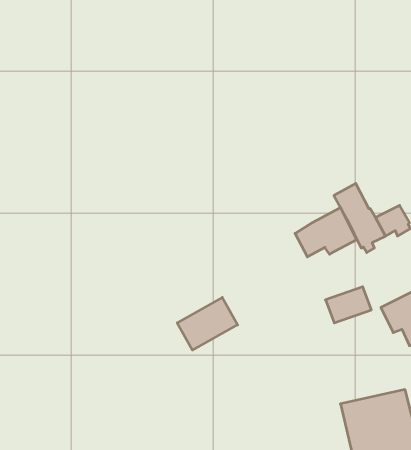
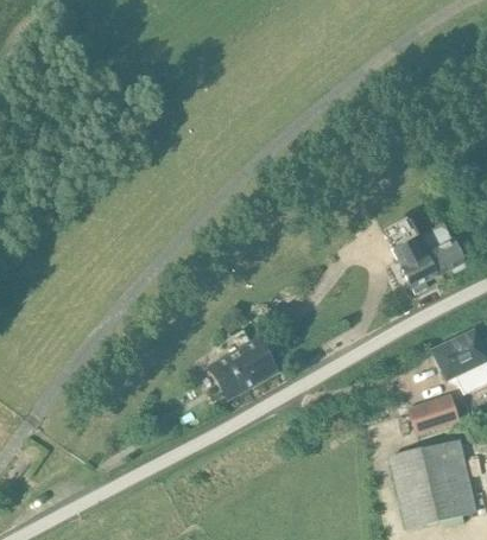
building: [295,207,357,257] -> none
building: [325,287,371,323] -> [406,393,456,432]

